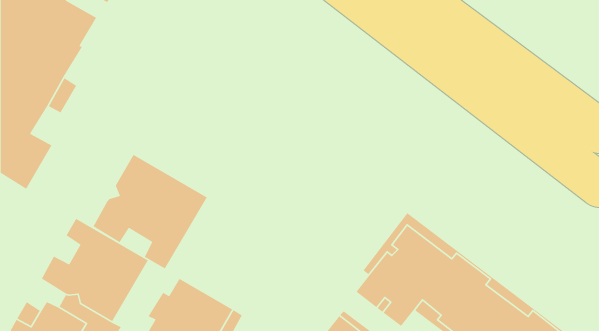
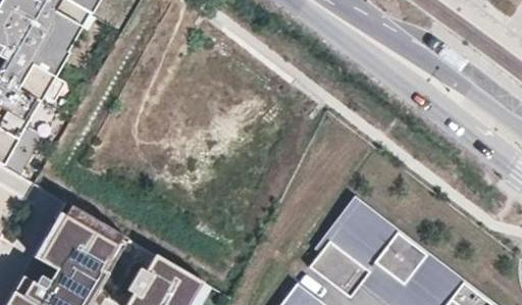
building: [93,154,208,269] -> none

